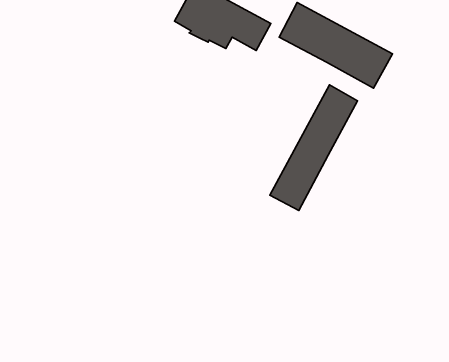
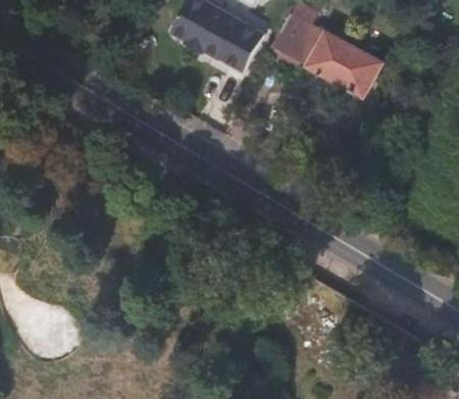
building: [270,85,358,211] -> none

